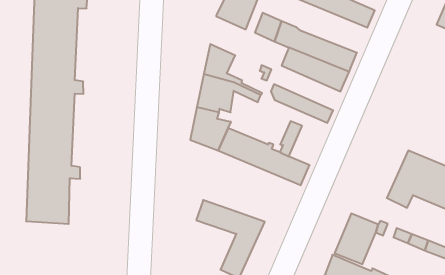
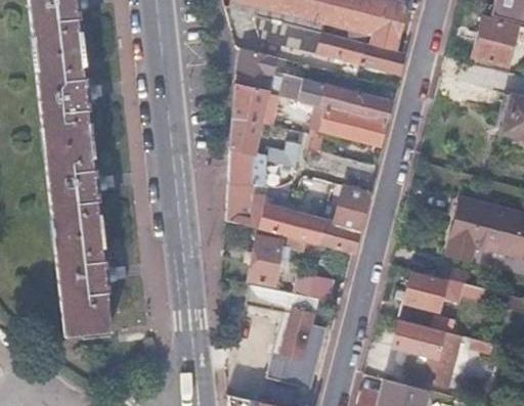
building: none -> [234,86,270,125]
building: none -> [337,189,369,230]
building: none -> [247,238,299,291]

